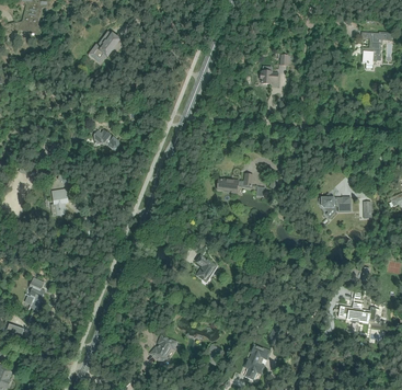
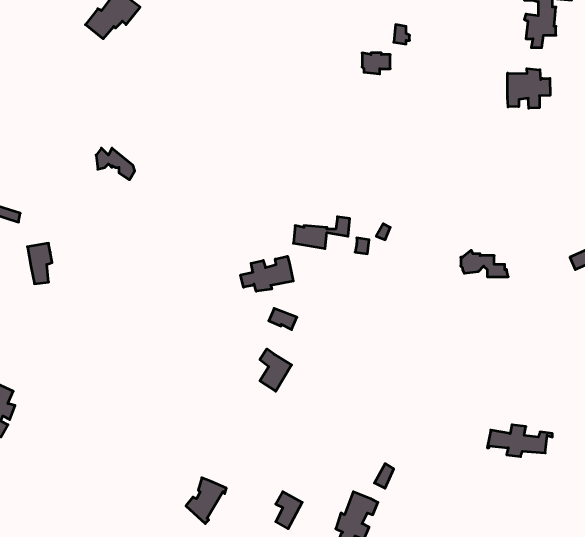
building: none -> [508,69,550,108]
building: none -> [241,256,293,291]

